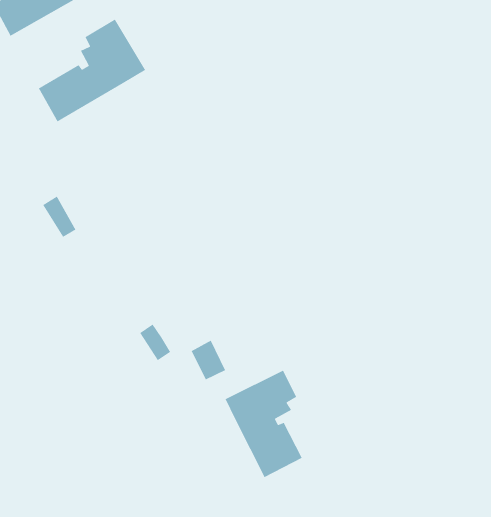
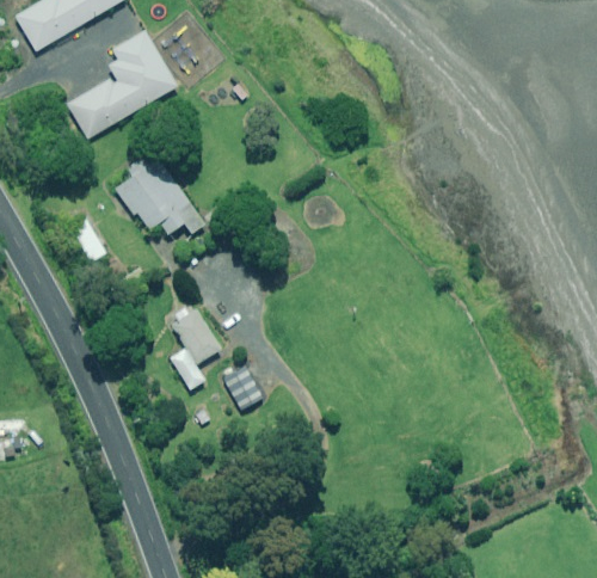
building: none -> [116,159,205,235]
building: none -> [171,309,221,364]
building: [224,370,303,478] -> none

